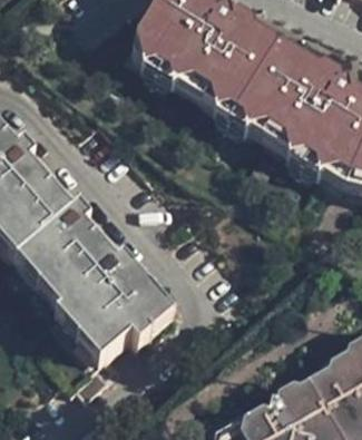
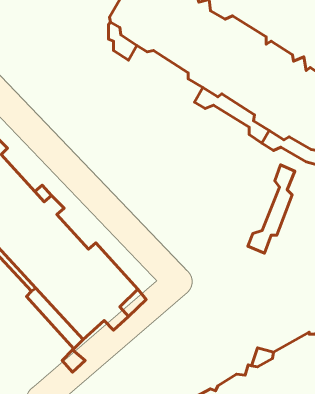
building: [157,52,236,113] -> none
building: none -> [248,165,295,253]

